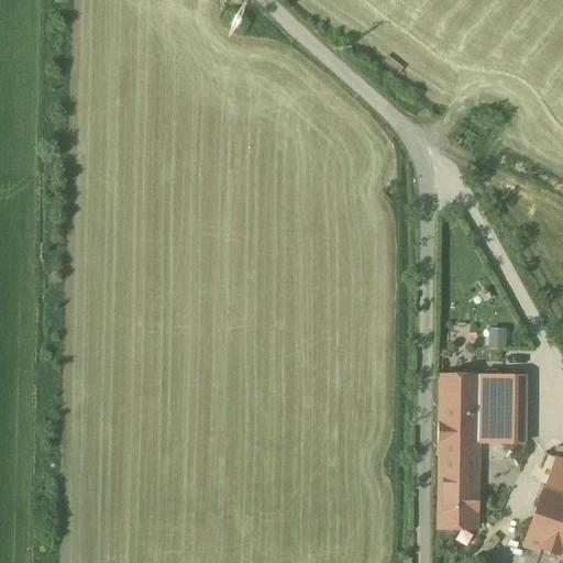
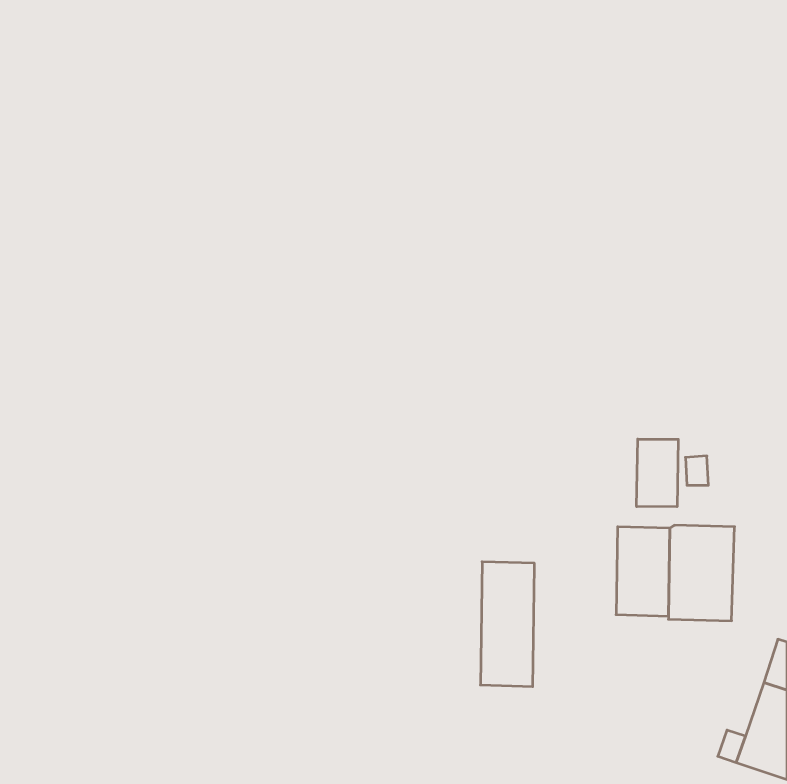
building: none -> [637,439,678,507]
building: [439,439,477,528] -> [480,562,534,687]

